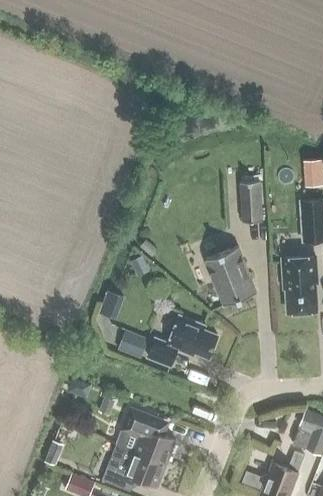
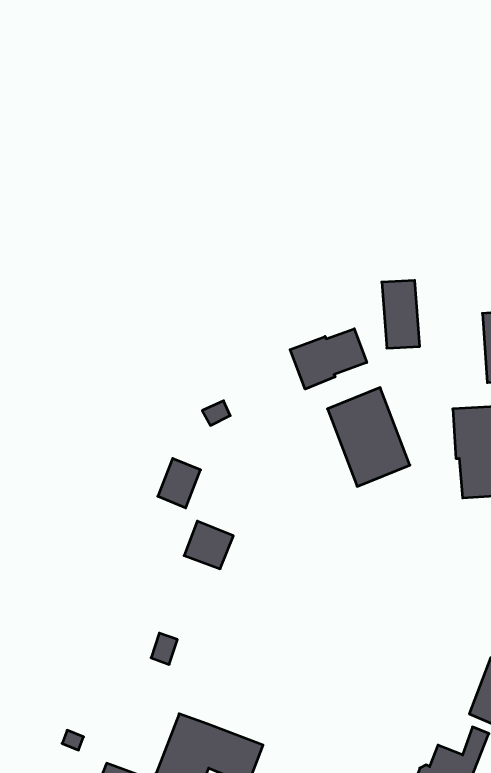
building: none -> [290,329,367,389]
building: [148,316,217,366] -> none
building: [116,408,176,463] -> none

